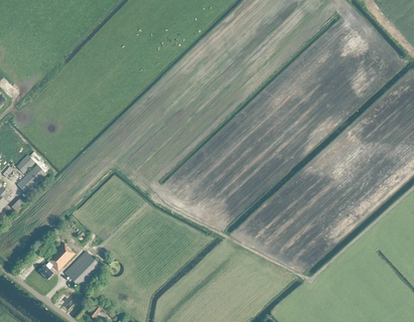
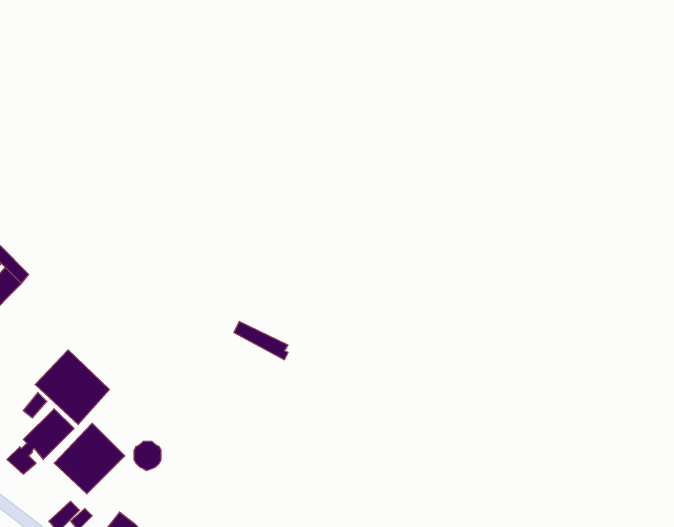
building: none -> [35,350,109,425]

